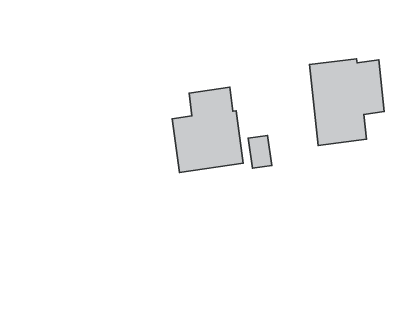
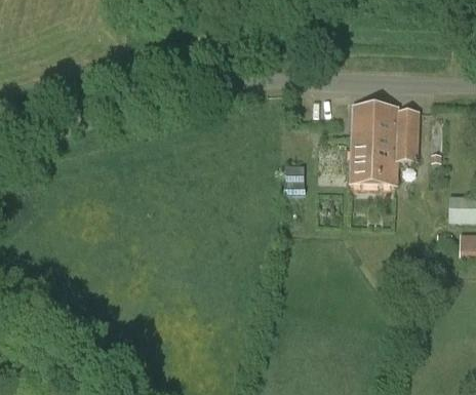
building: [172,87,243,173] -> none

